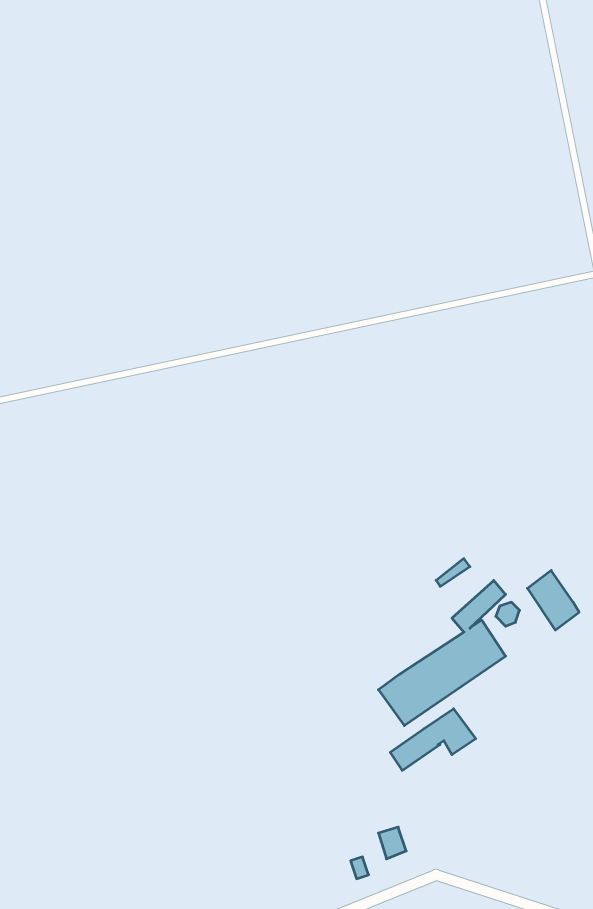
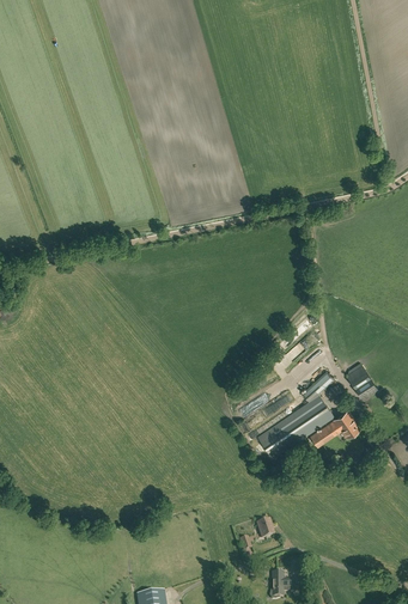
building: [390,709,476,770] -> [310,410,361,447]

